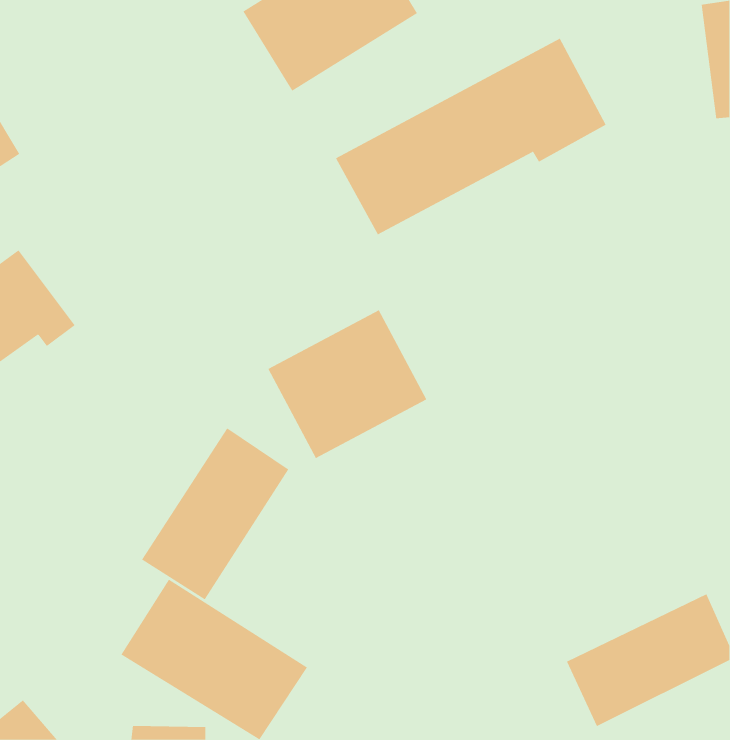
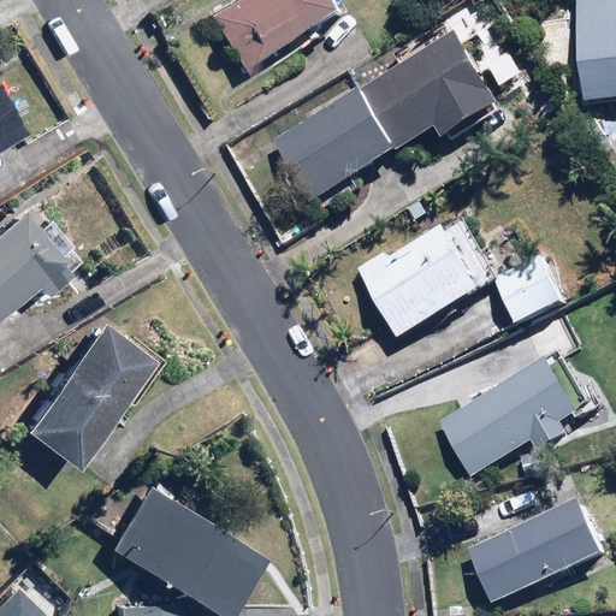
building: none -> [494,255,564,322]
building: [267,309,427,459] -> [357,217,490,340]
building: [141,427,289,600] -> [20,319,143,462]
building: none -> [439,356,585,476]

